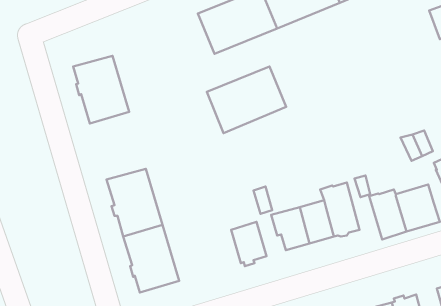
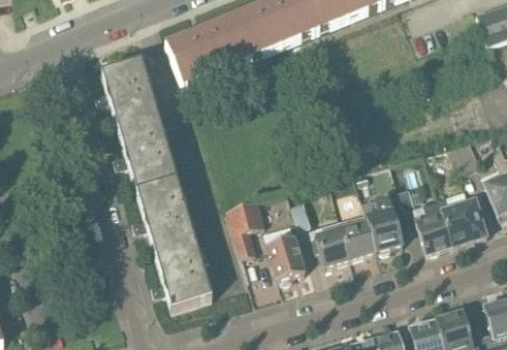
building: [207,66,286,133] -> [166,17,250,87]
building: none -> [119,120,178,191]
building: none -> [226,200,265,257]

